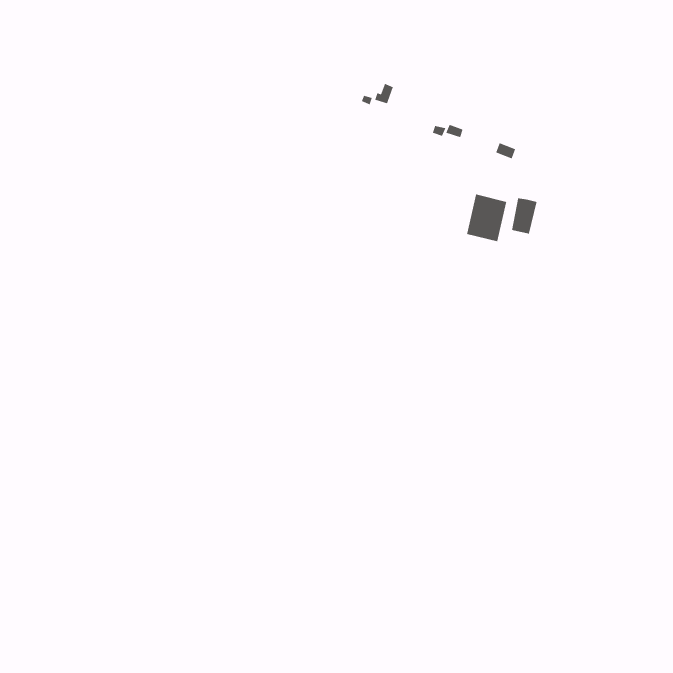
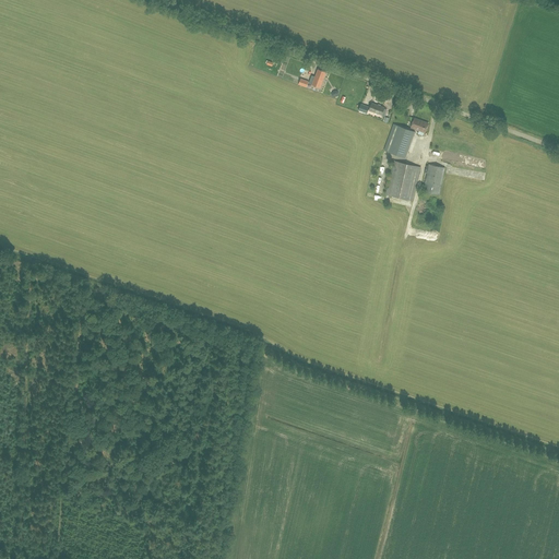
building: none -> [384,123,415,157]

